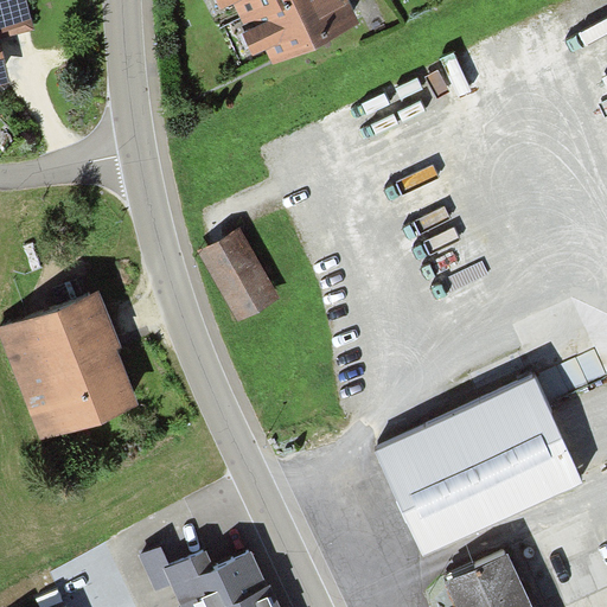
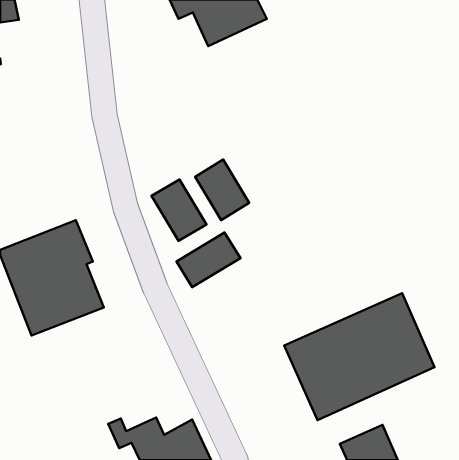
building: none -> [195,159,249,220]
building: none -> [176,233,240,287]

